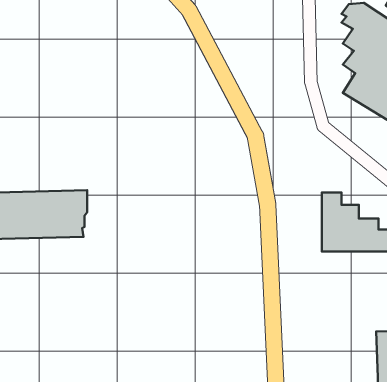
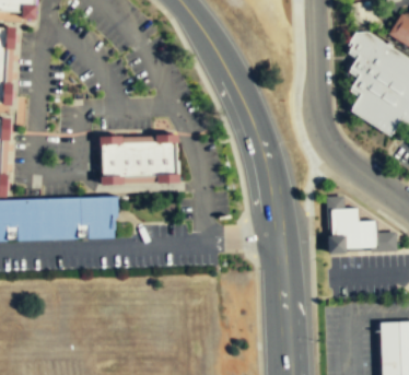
building: none -> [103,136,179,184]

